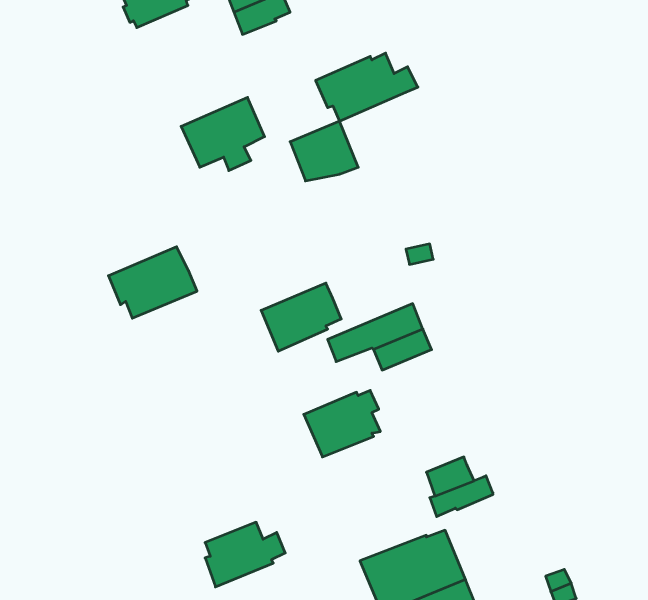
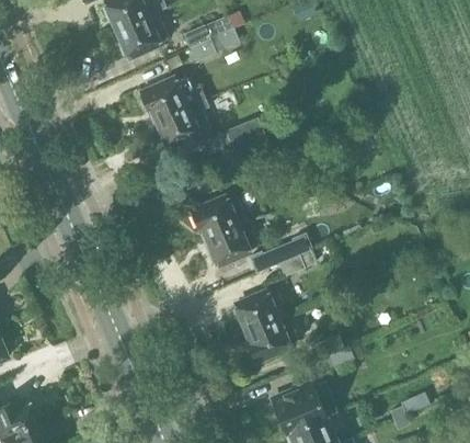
building: [316,53,418,121] -> [139,77,205,121]
building: [108,247,197,318] -> [191,193,248,239]
building: [205,522,285,587] -> [245,320,297,362]

